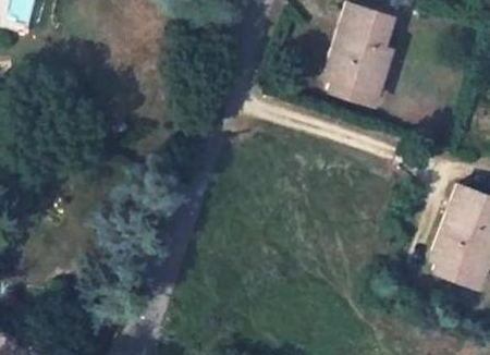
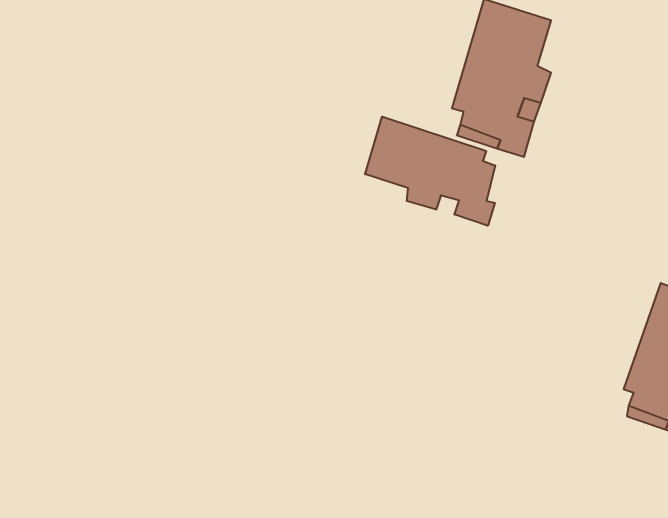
building: none -> [365,117,495,226]

